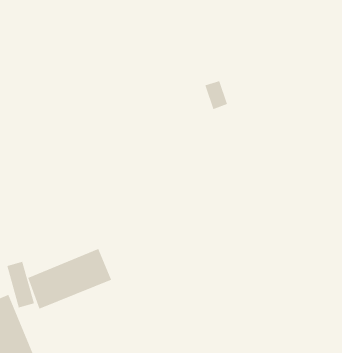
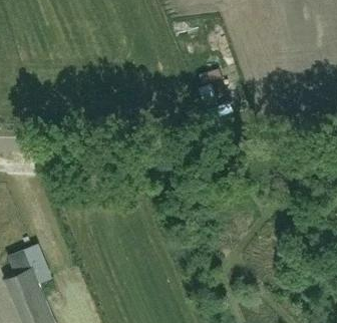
building: [28,248,112,310] -> none

